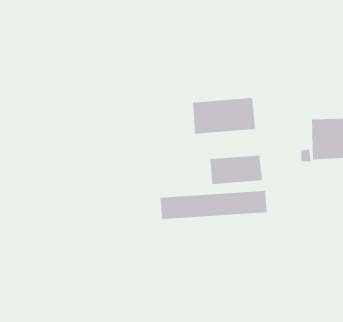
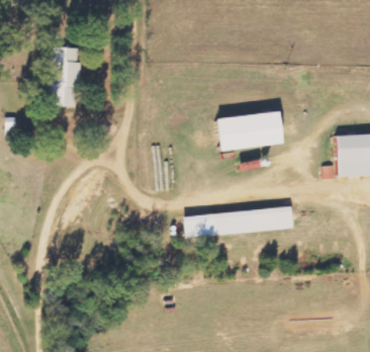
building: none -> [55,47,83,106]
building: [210,155,263,185] -> none

